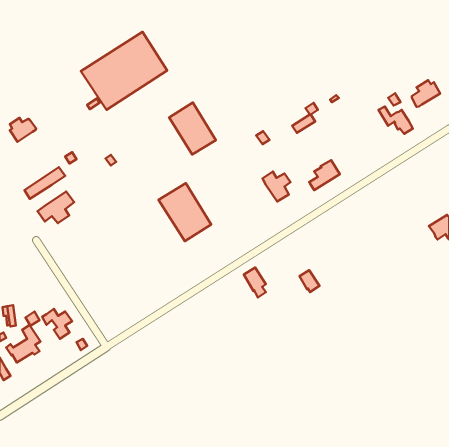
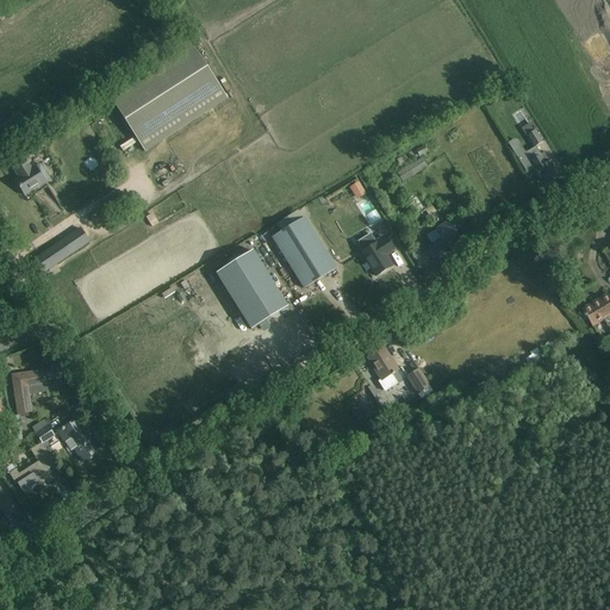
building: [412,80,440,107] -> none
building: [169,102,216,154] -> [272,214,335,285]
building: [38,192,74,223] -> none
building: [244,267,266,297] -> [367,346,397,386]
building: none -> [12,368,46,411]

